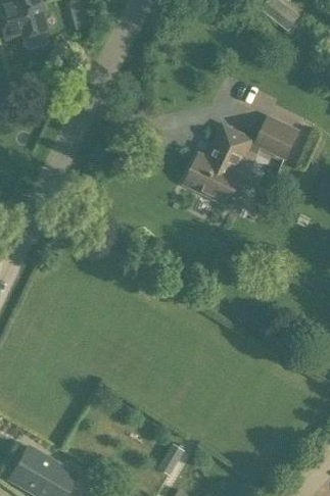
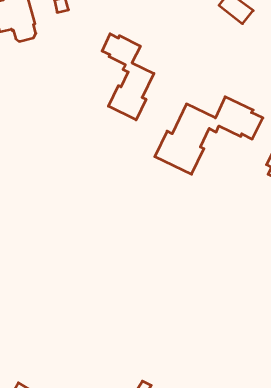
building: none -> [102,34,154,120]

